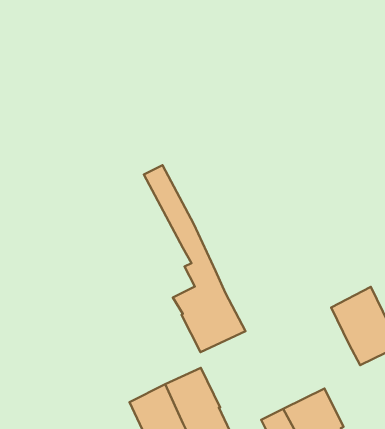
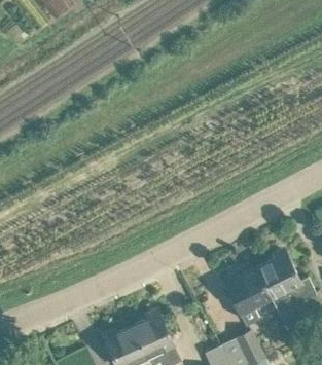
building: [144,165,246,352] -> none
building: none -> [226,269,271,324]

